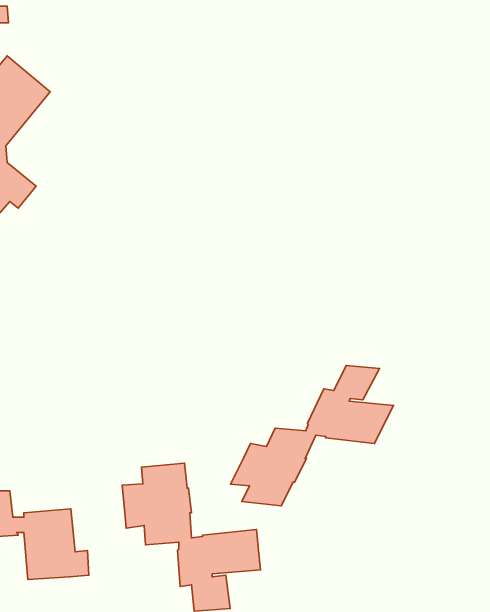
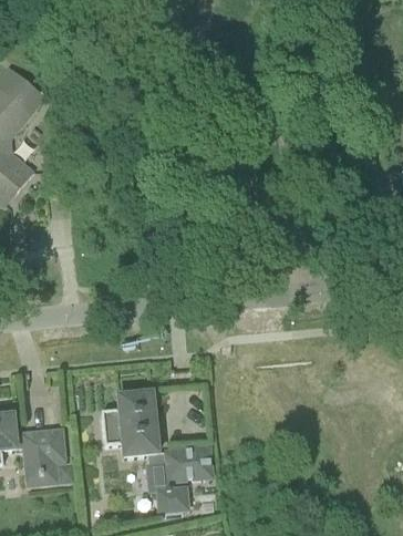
building: [230,365,394,506] -> none

